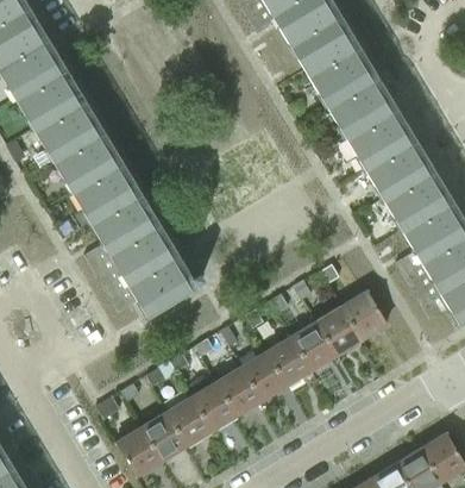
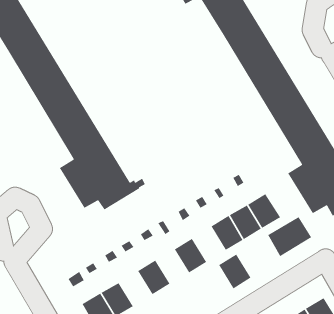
building: none -> [267,216,312,257]
building: [269,336,314,384] -> [218,254,251,289]
building: [219,367,264,414] -> none
building: [169,396,214,445] -> none

